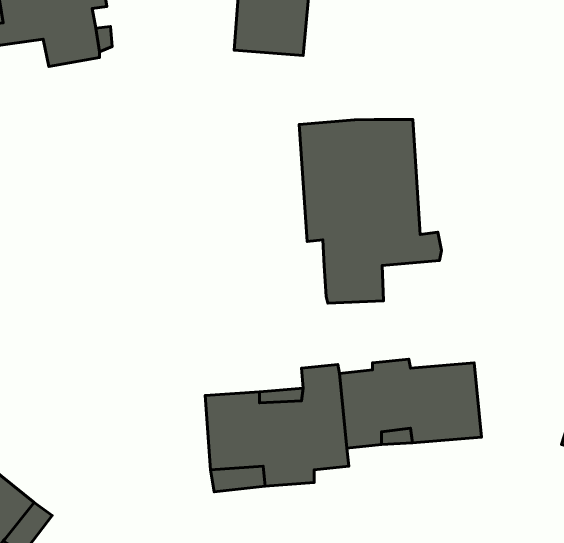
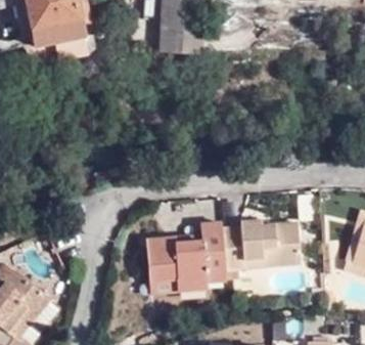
building: [299,119,442,303] -> none

